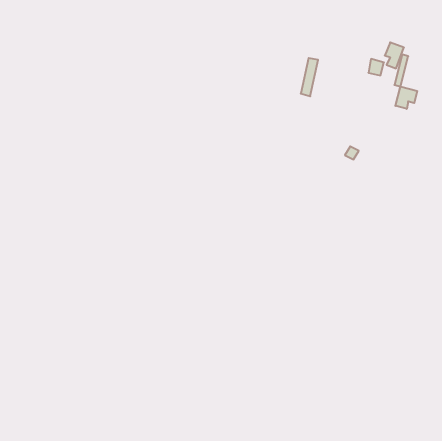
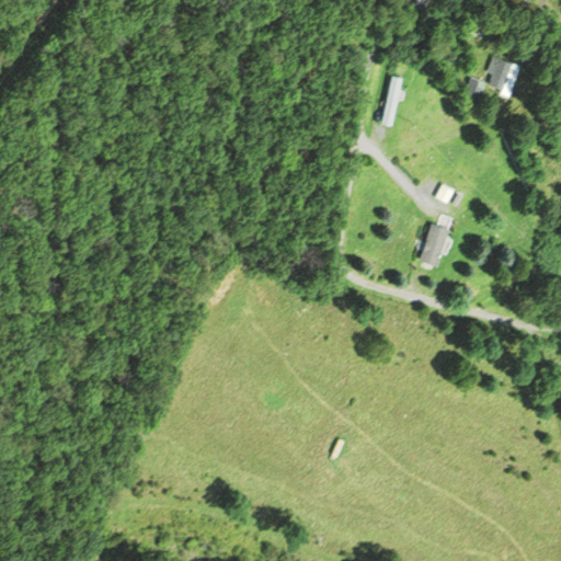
building: [395,87,417,109] -> none
building: none -> [421,225,448,264]

